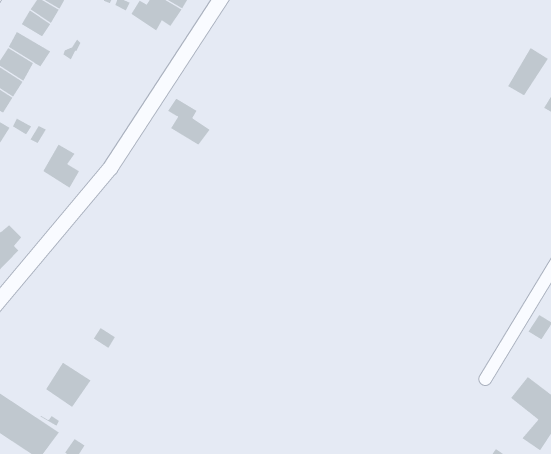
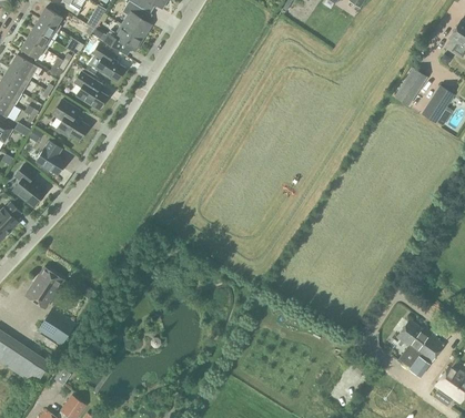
building: none -> [93,43,125,81]
building: none -> [52,100,89,141]
building: [167,98,211,146] -> [74,72,108,109]
building: none -> [13,164,47,206]
building: none -> [26,267,62,307]

